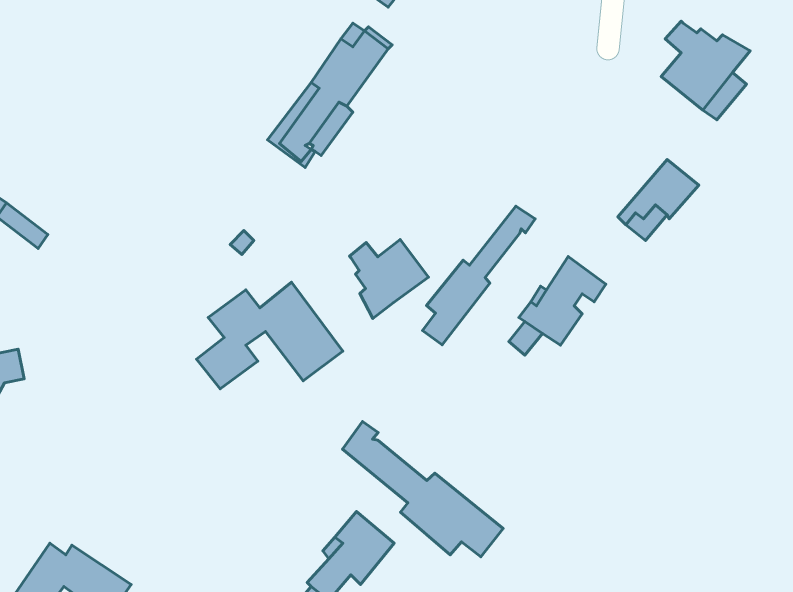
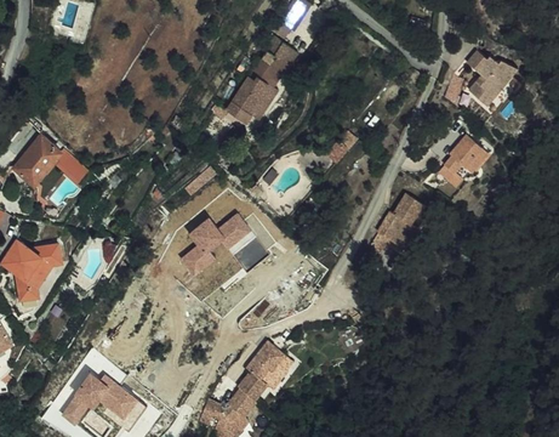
building: [422,206,535,345] -> none
building: [349,240,428,318] -> none
building: [343,422,503,557] -> none

